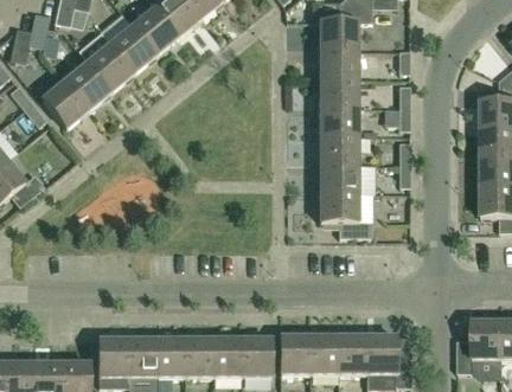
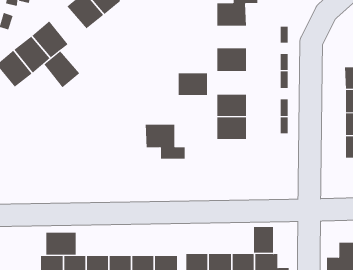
building: [110,25,156,72] -> [43,50,80,88]
building: [320,50,358,77] -> none
building: [320,107,358,135] -> [178,73,208,96]
building: [320,192,371,236] -> [145,124,186,159]
building: none -> [254,226,273,254]
building: none -> [46,232,76,255]

